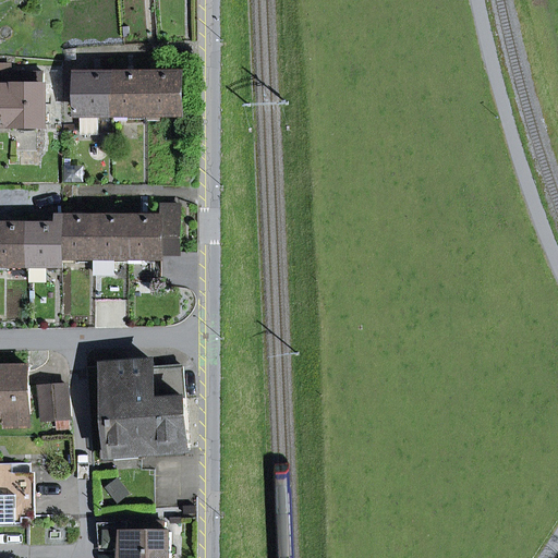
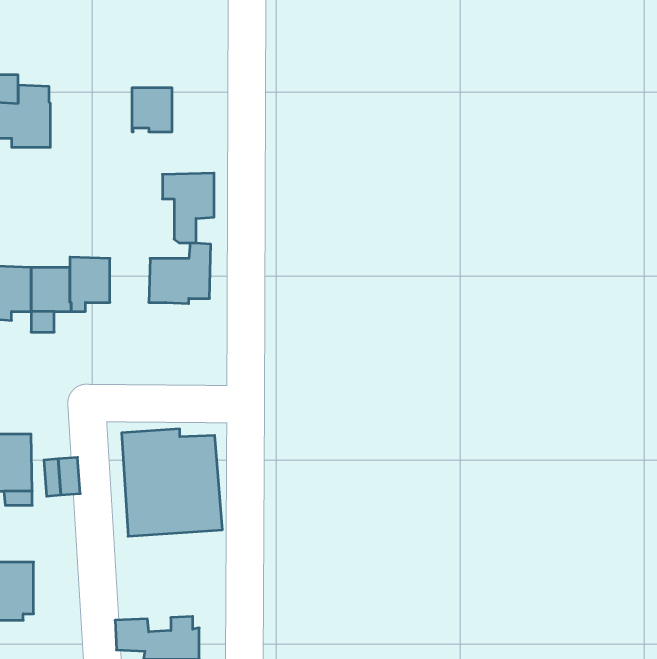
building: [68,74,111,133] -> [162,173,214,243]
building: [145,74,179,111] -> none
building: [93,218,126,255] -> none

